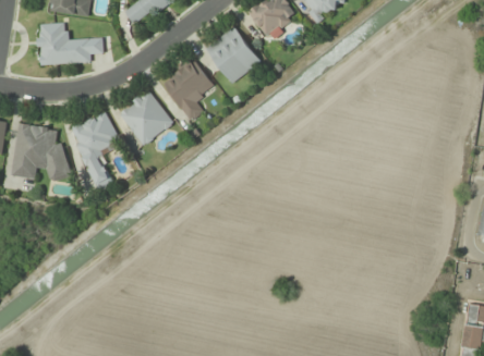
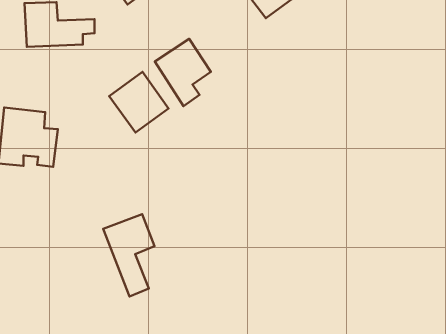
building: [203,26,259,84] -> none
building: [69,112,118,191] -> [103,214,155,296]

